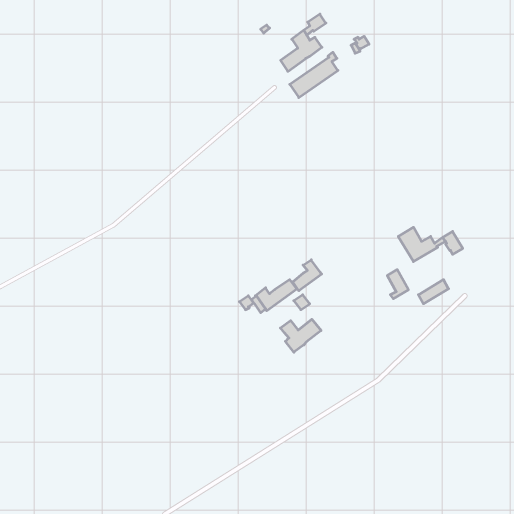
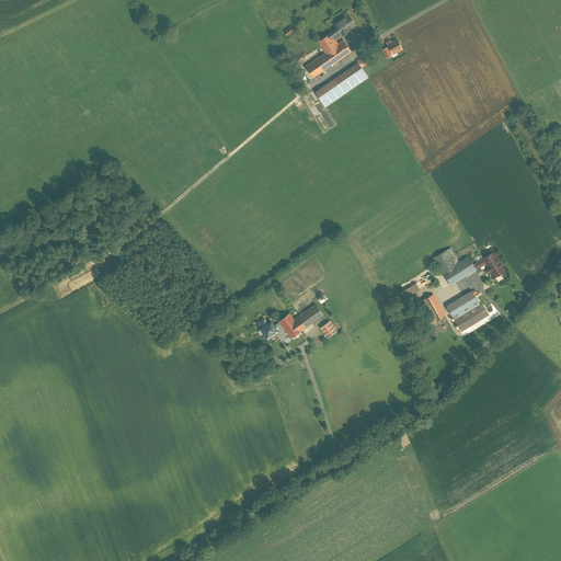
building: [293,260,322,291] -> none
building: none -> [446,290,481,321]
building: [280,319,321,352] -> none

